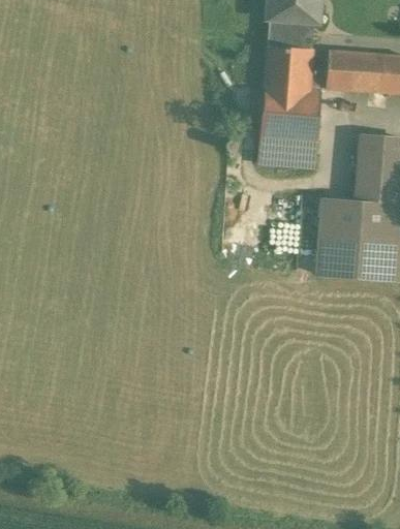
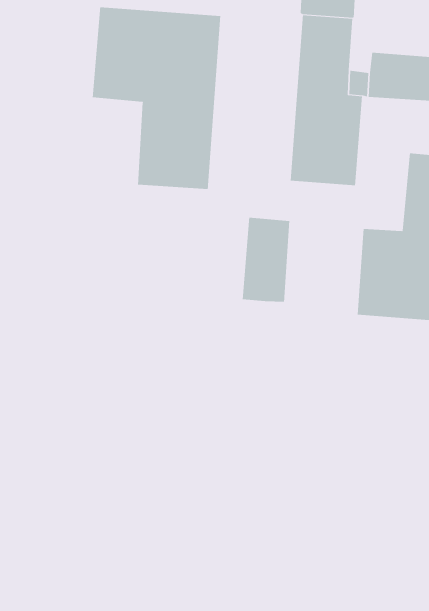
building: none -> [92,6,221,190]
building: none -> [242,217,290,302]

